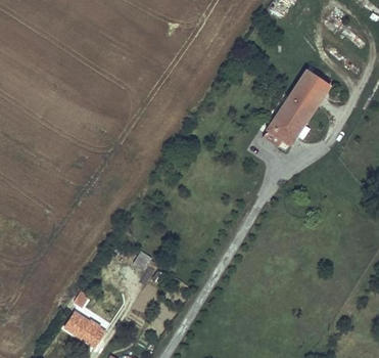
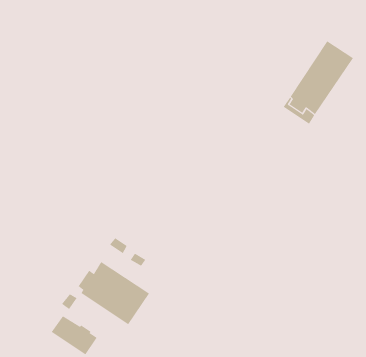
building: none -> [78,261,150,325]

